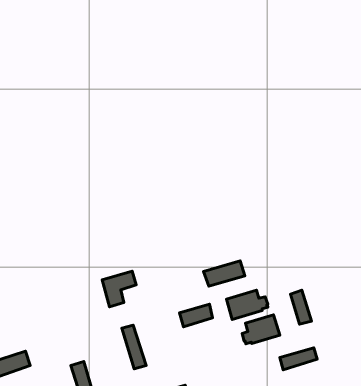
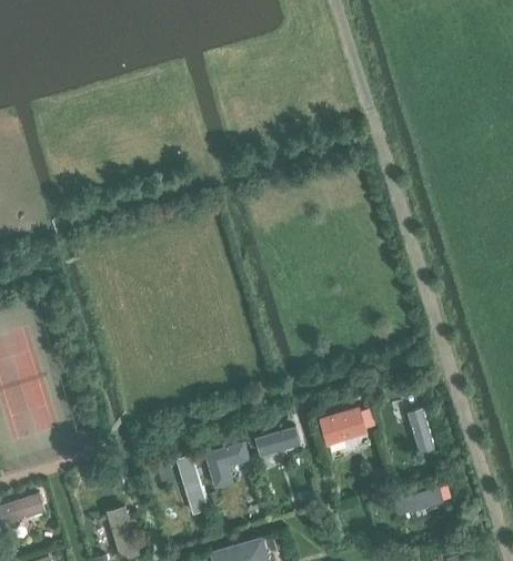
building: [203,261,245,286] -> none
building: [102,271,136,307] -> [203,440,250,489]
building: [242,315,280,344] -> none

